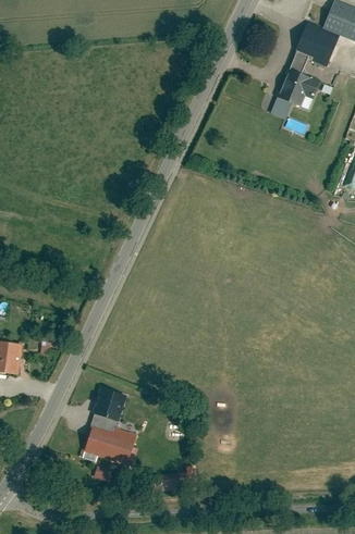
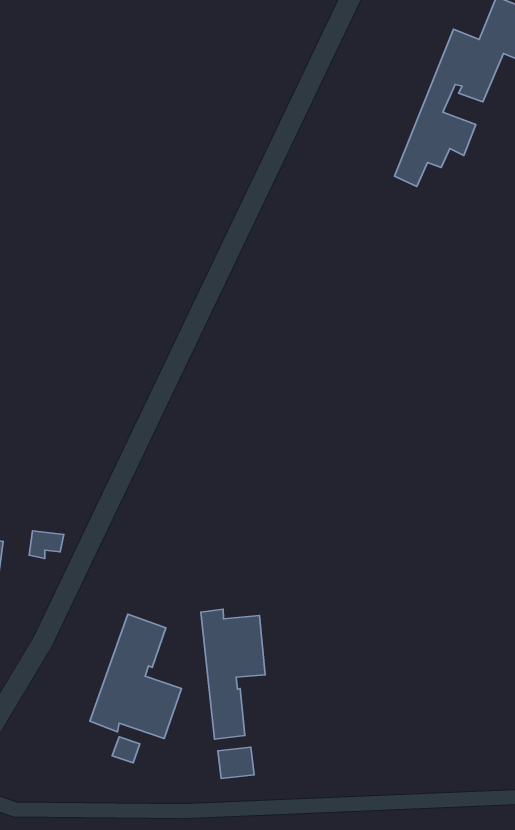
building: none -> [201,609,265,739]

